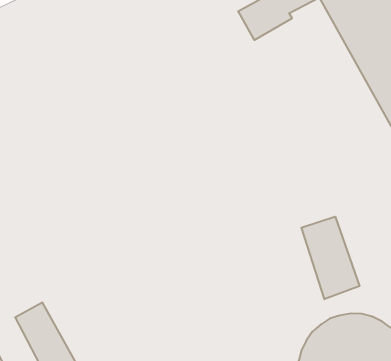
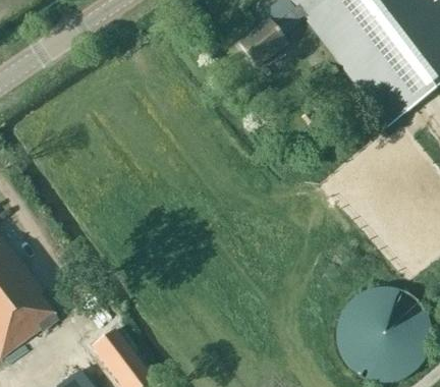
building: [301,217,360,299] -> none

